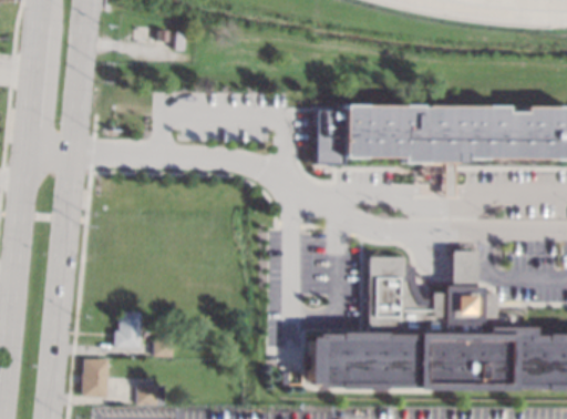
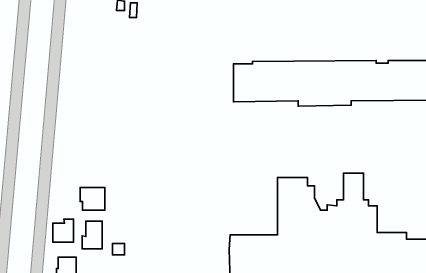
building: none -> [80,188,105,210]
building: none -> [53,219,74,242]

